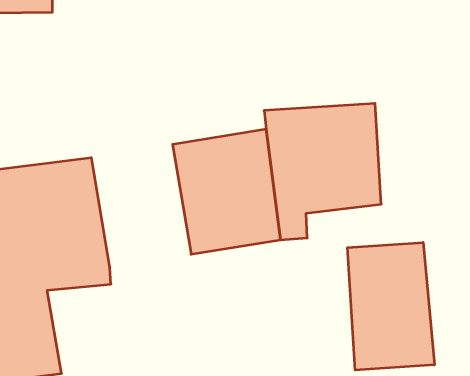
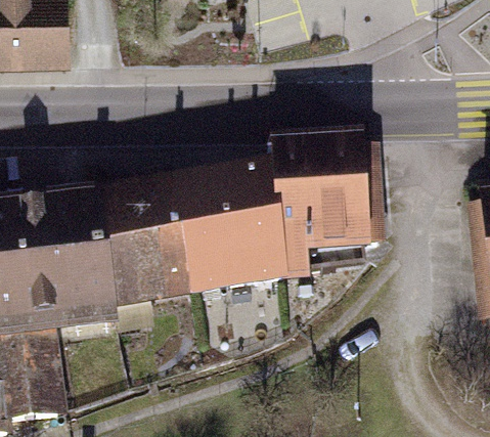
building: none -> [93,182,192,305]
building: [348,242,434,370] -> none

